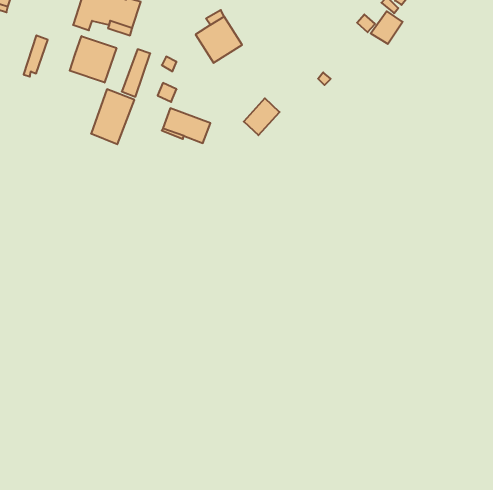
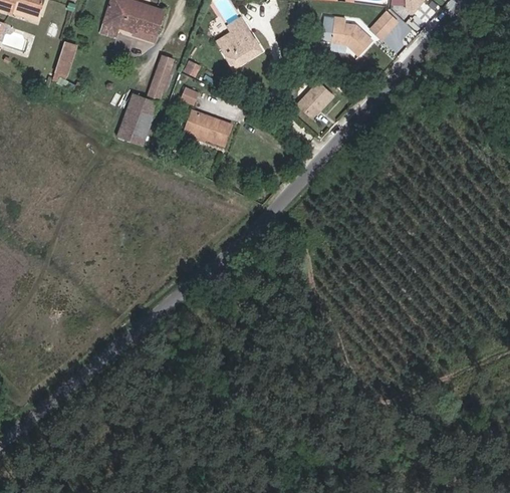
building: none -> [331,16,371,54]
building: [70,36,116,83] -> none
building: [244,98,280,135] -> [298,81,332,116]

